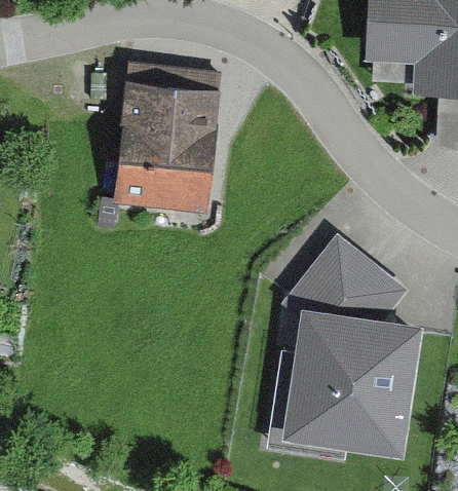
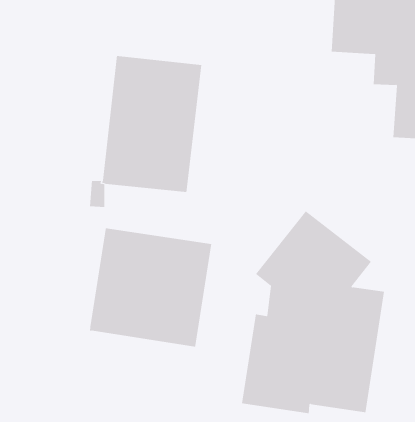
building: none -> [89,227,212,348]

